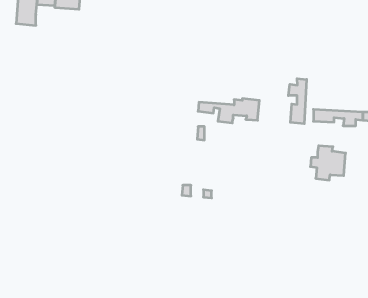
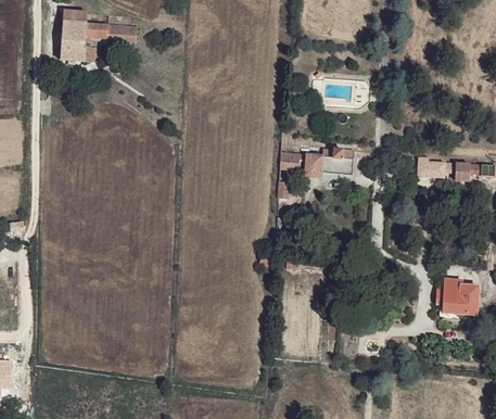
building: [288,79,307,124] -> none
building: [310,146,346,180] -> [435,278,478,319]

